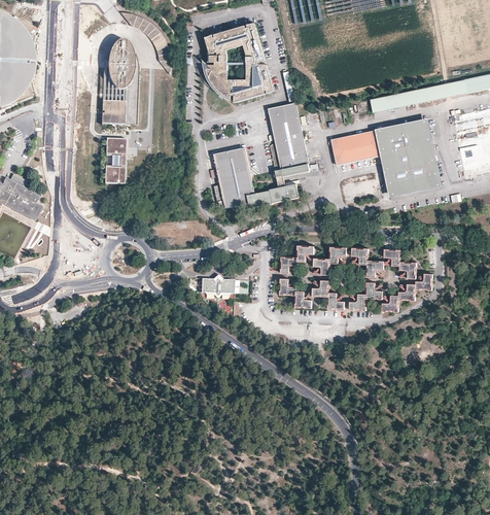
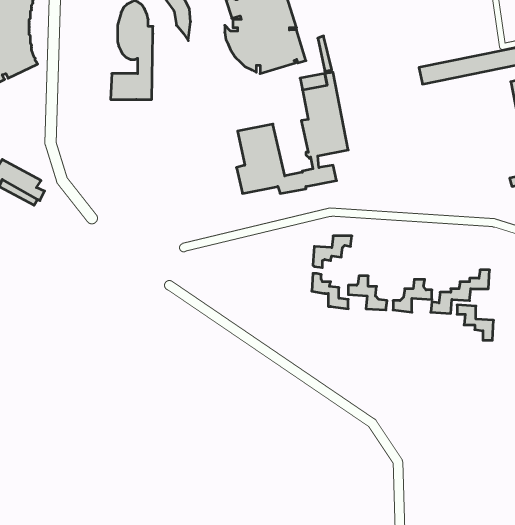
building: [330,118,439,196] -> none
building: [107,139,128,184] -> none
building: [311,246,345,275] -> none
building: [350,247,383,278] -> none
building: [384,249,416,280] -> [457,305,494,340]
building: [200,278,236,297] -> none

